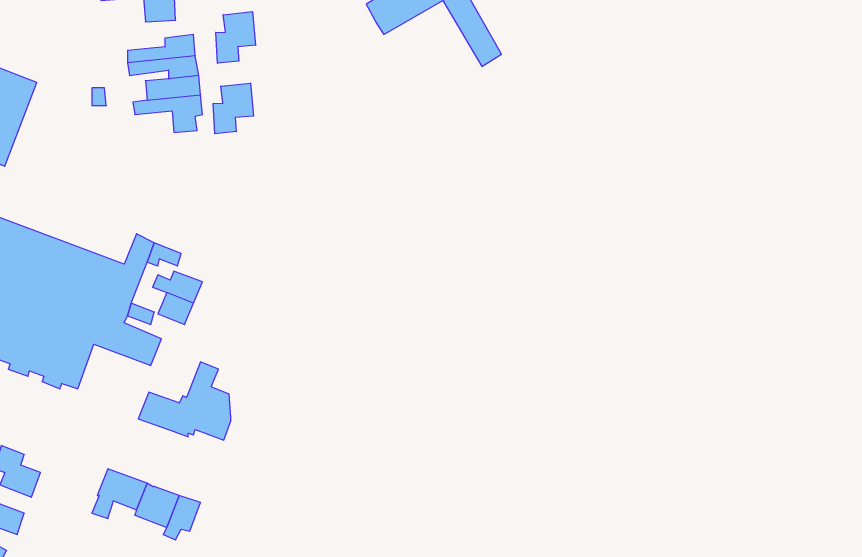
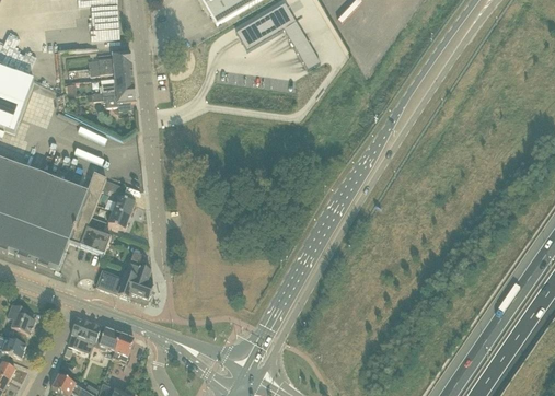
building: [216,12,256,63] -> none
building: [213,83,253,134] -> none

